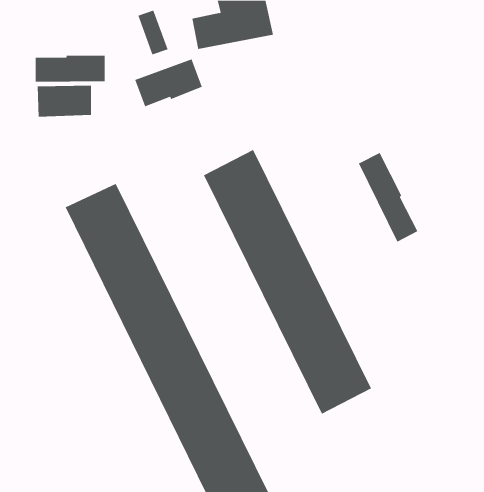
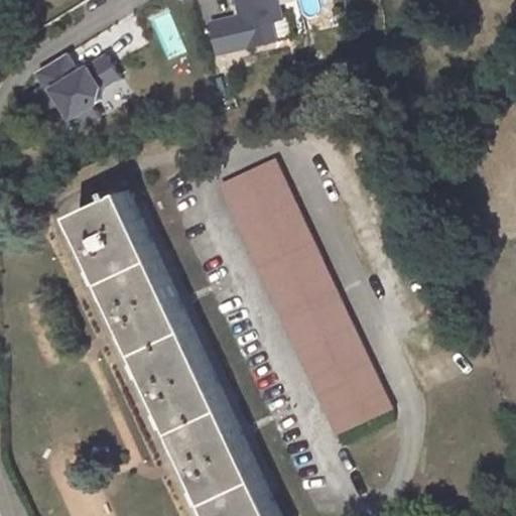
building: [135,59,203,107] -> none
building: [358,152,418,242] -> none

